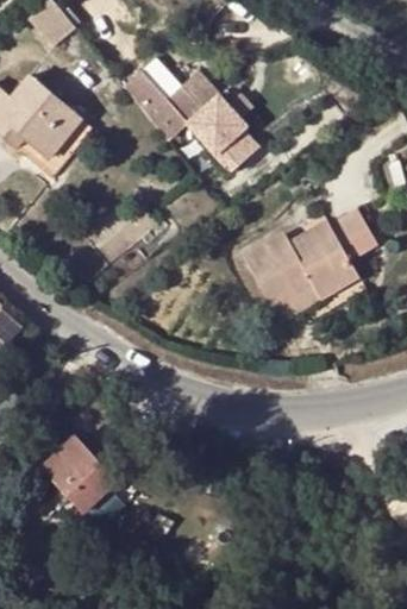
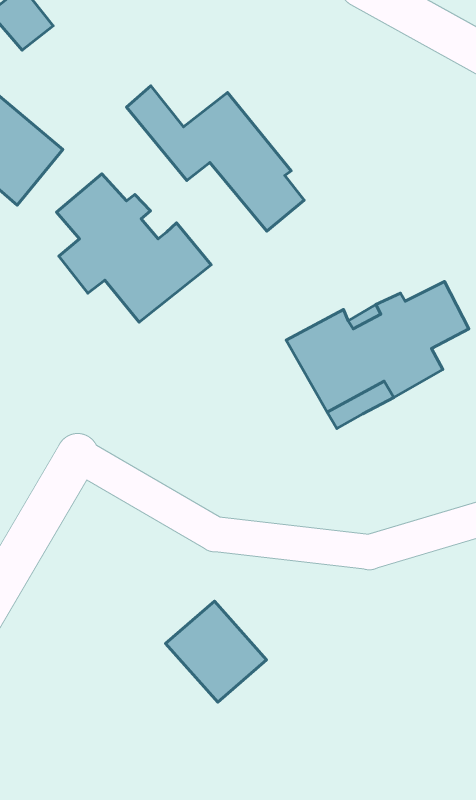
building: none -> [57,174,211,322]
building: [43,437,117,510] -> [166,601,267,702]

